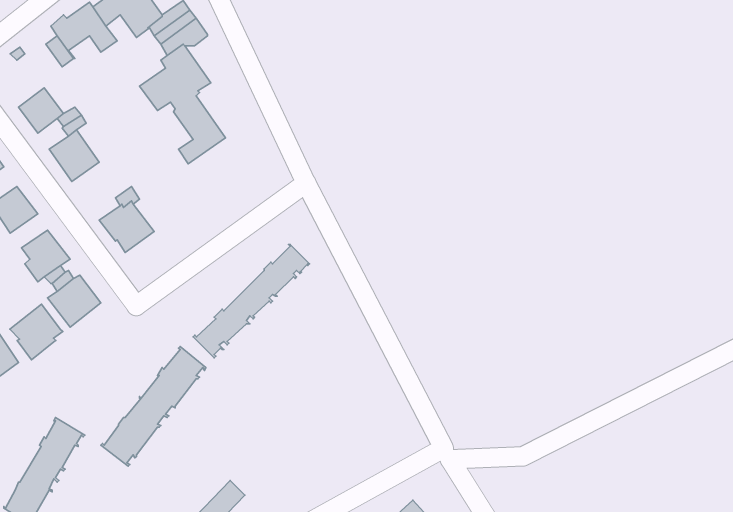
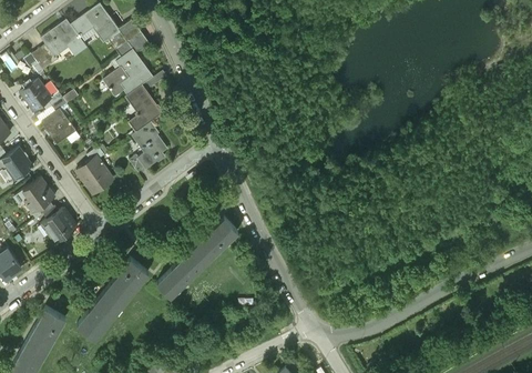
building: none -> [133,122,167,170]
building: [193,245,310,358] -> [157,220,237,298]
building: [10,304,63,360] -> none

